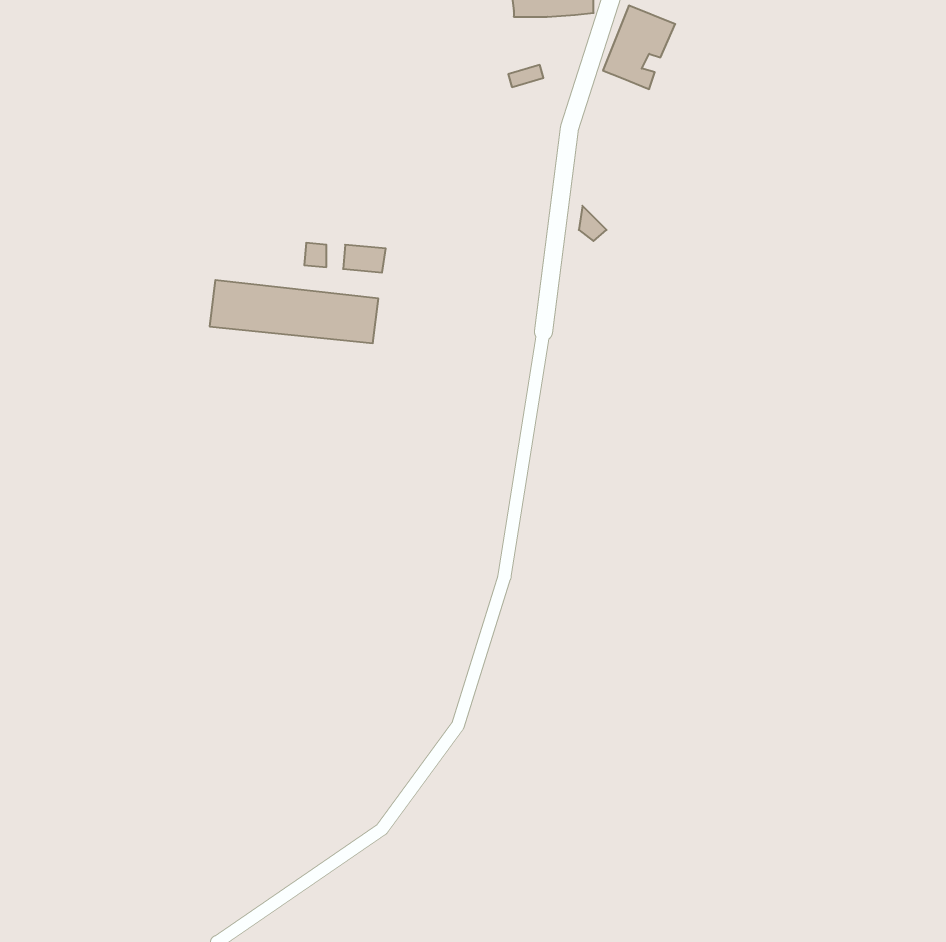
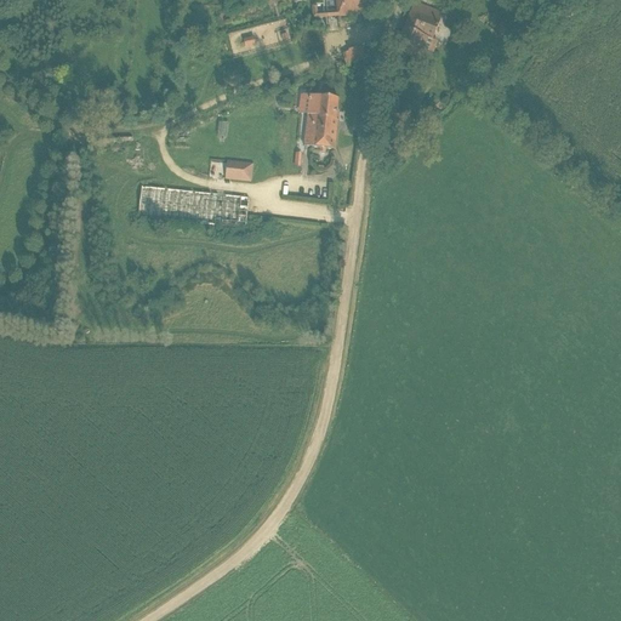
building: none -> [303,92,337,147]

